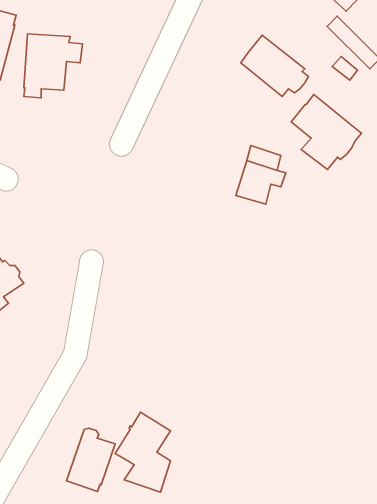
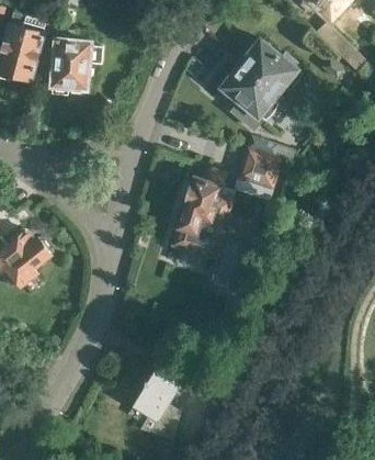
building: [291,94,361,170] -> [220,64,282,130]
building: none -> [172,167,231,257]
building: [66,428,115,492] -> none

